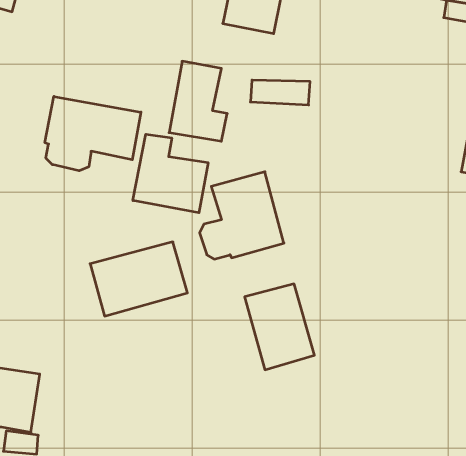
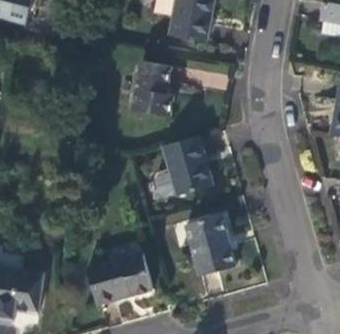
building: [45,96,141,171] -> none
building: [133,134,208,213] -> none
building: [90,242,187,316] -> [86,249,153,301]

